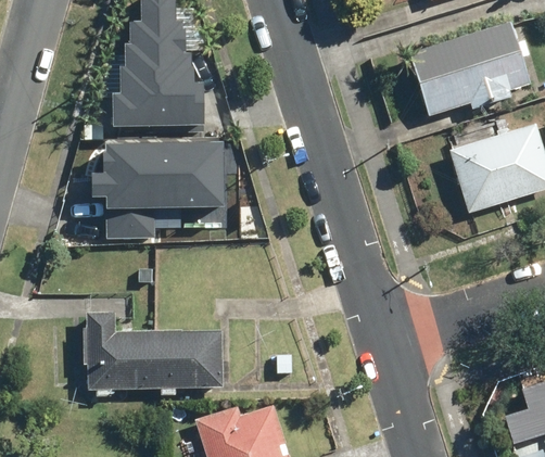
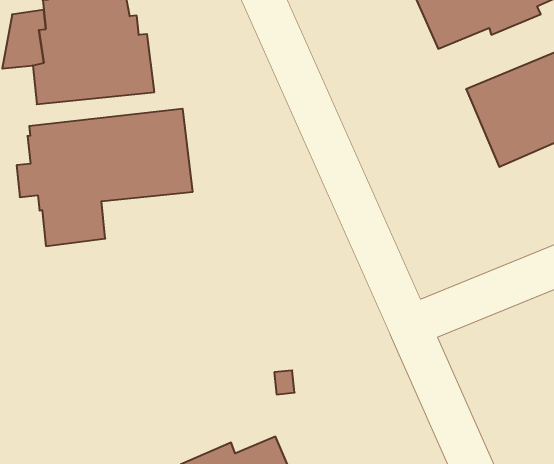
building: [86,312,221,389] -> none

